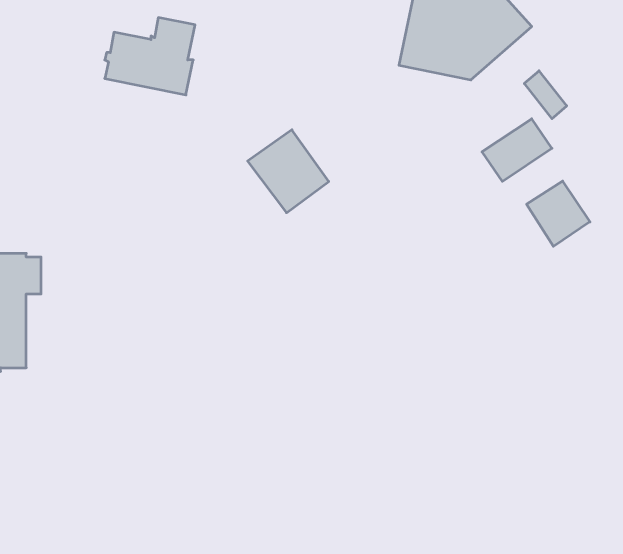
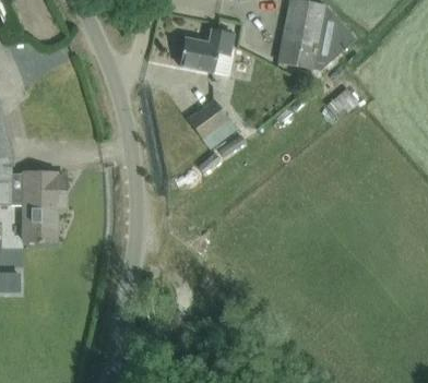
building: [105,18,195,95] -> [180,29,234,75]
building: [527,181,590,246] -> none

